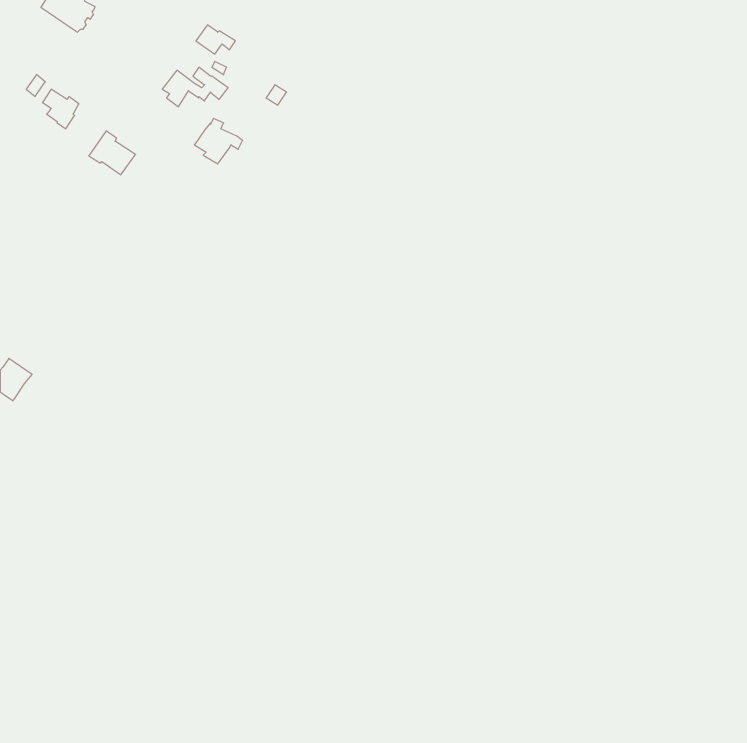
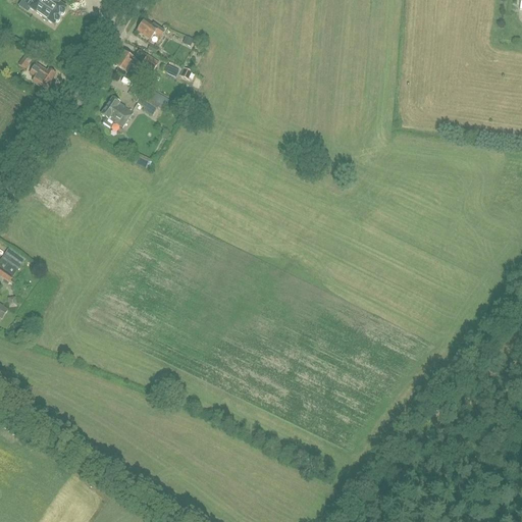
building: [89,131,136,175] -> [100,95,133,125]

